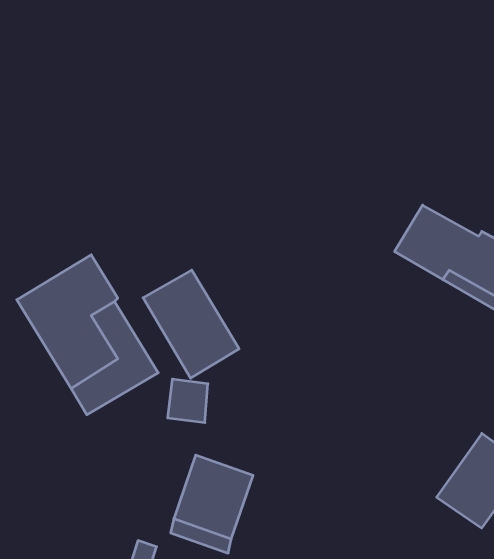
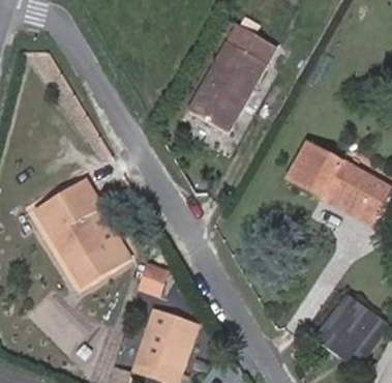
building: none -> [192,25,273,127]
building: [143,270,239,378] -> none

